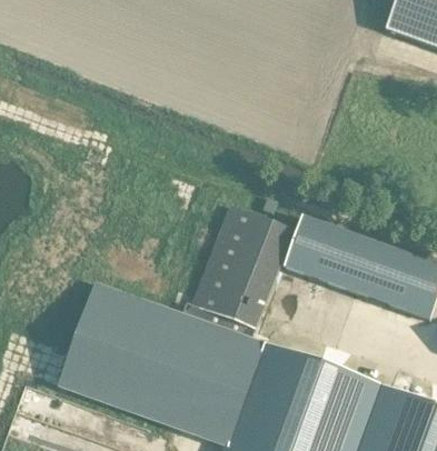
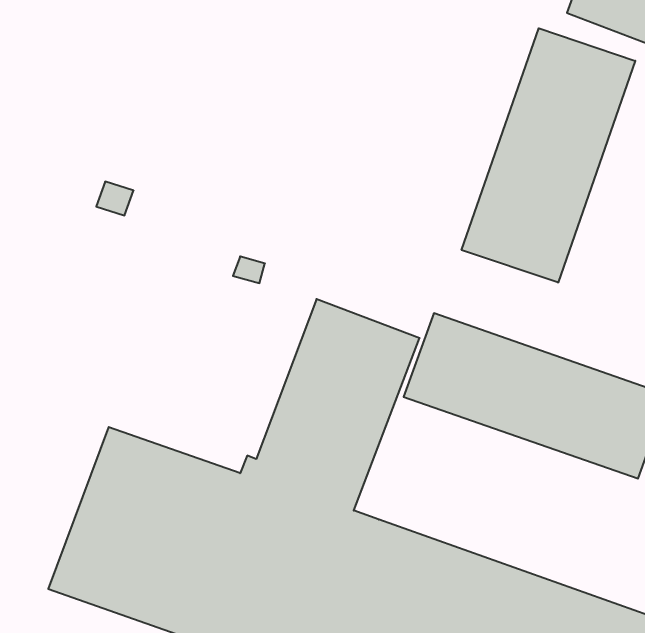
building: none -> [462,28,635,283]

